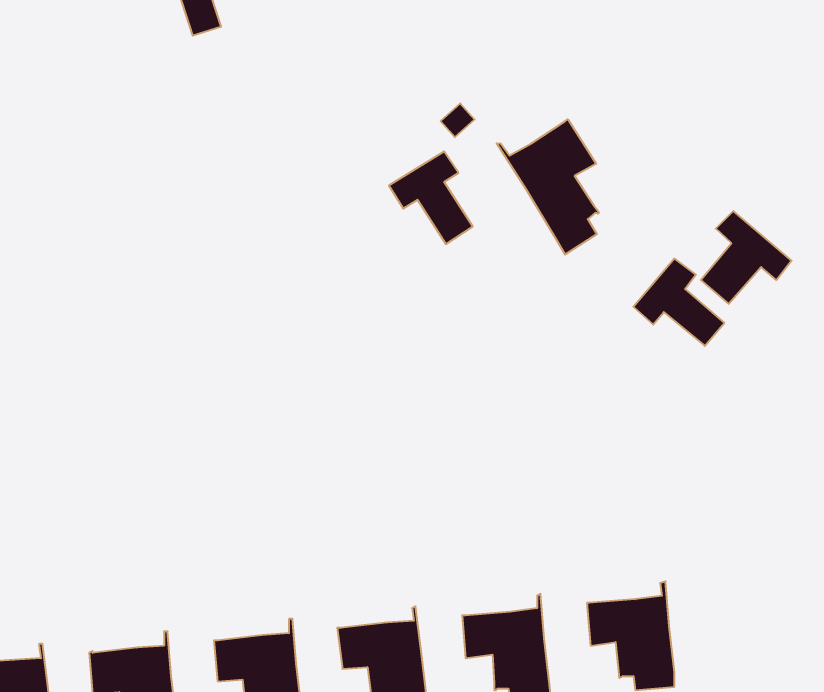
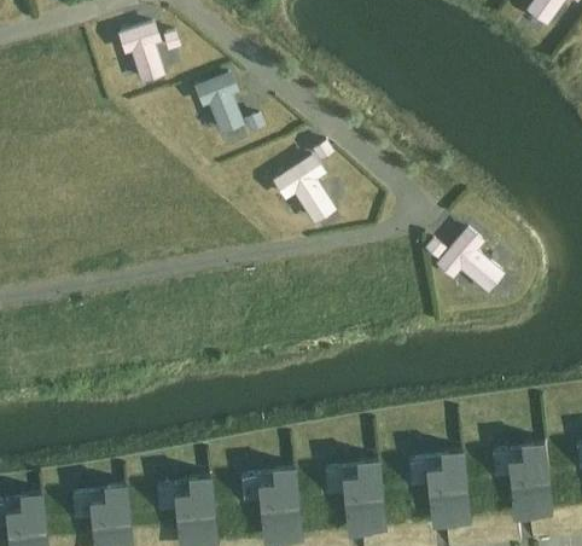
building: none -> [197,71,241,128]
building: [497,119,599,255] -> none
building: [701,211,792,304] -> none
building: none -> [493,438,553,511]

